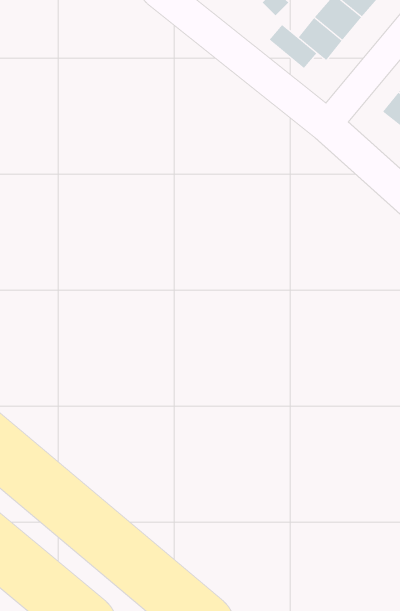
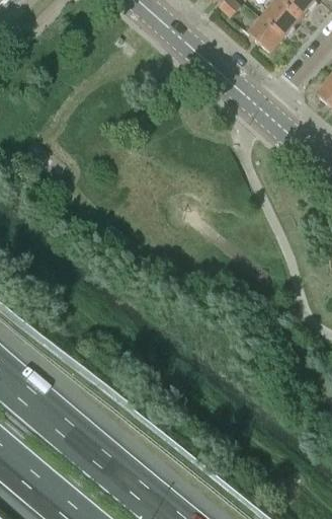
building: [269,24,317,69] -> none

